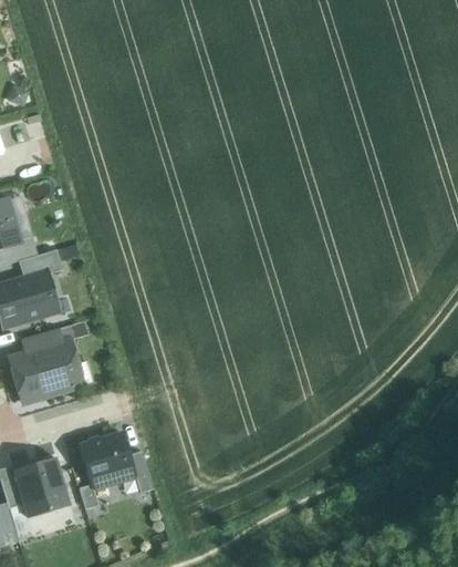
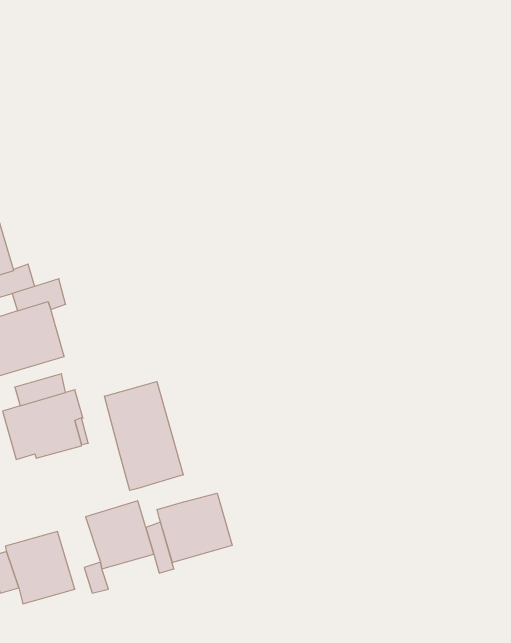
building: none -> [105,382,183,490]
building: none -> [157,493,232,563]

